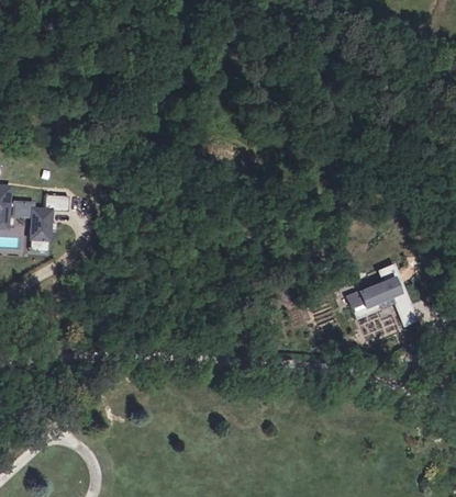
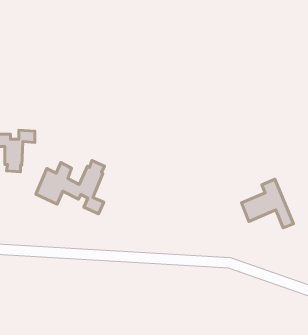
building: none -> [36,161,104,214]

